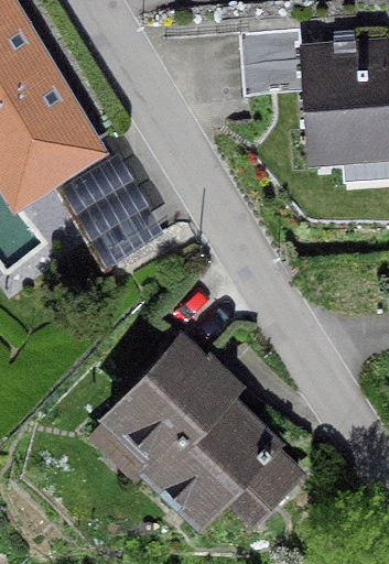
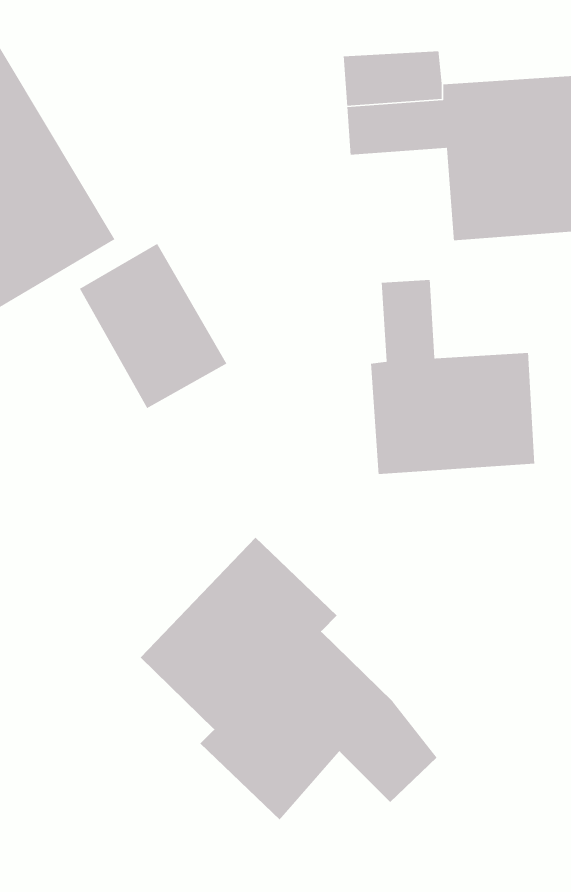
building: none -> [370,279,535,475]

